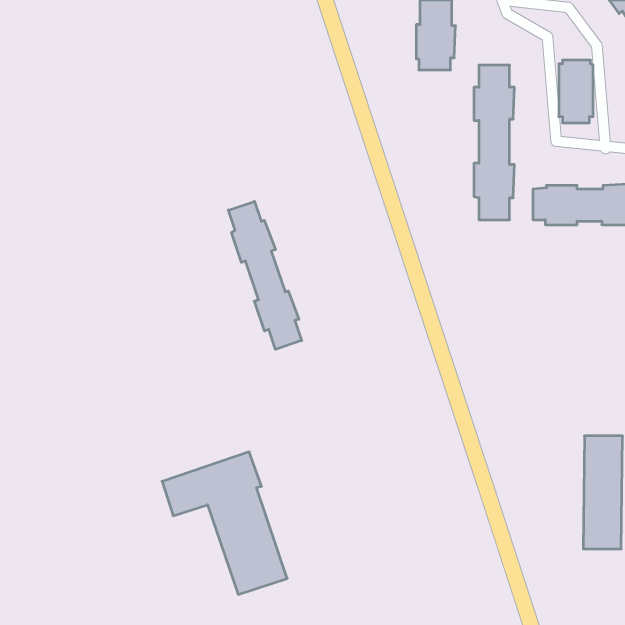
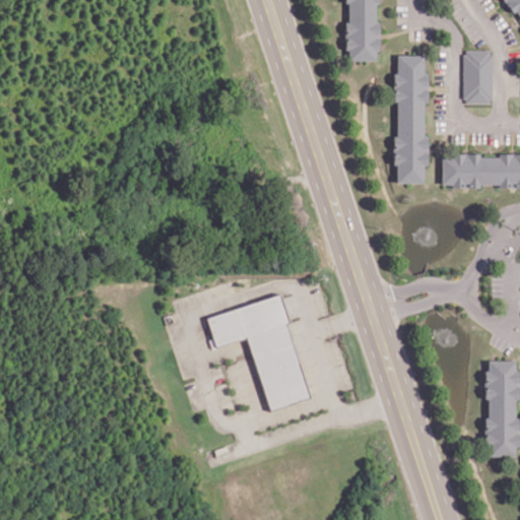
building: [228,201,302,349] -> none
building: [162,452,287,594] -> [208,294,312,411]

